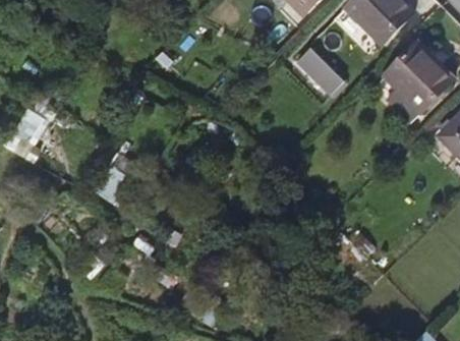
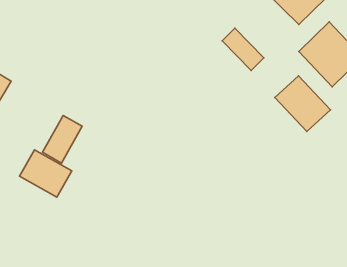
building: none -> [275,76,331,131]
building: none -> [20,150,72,197]

